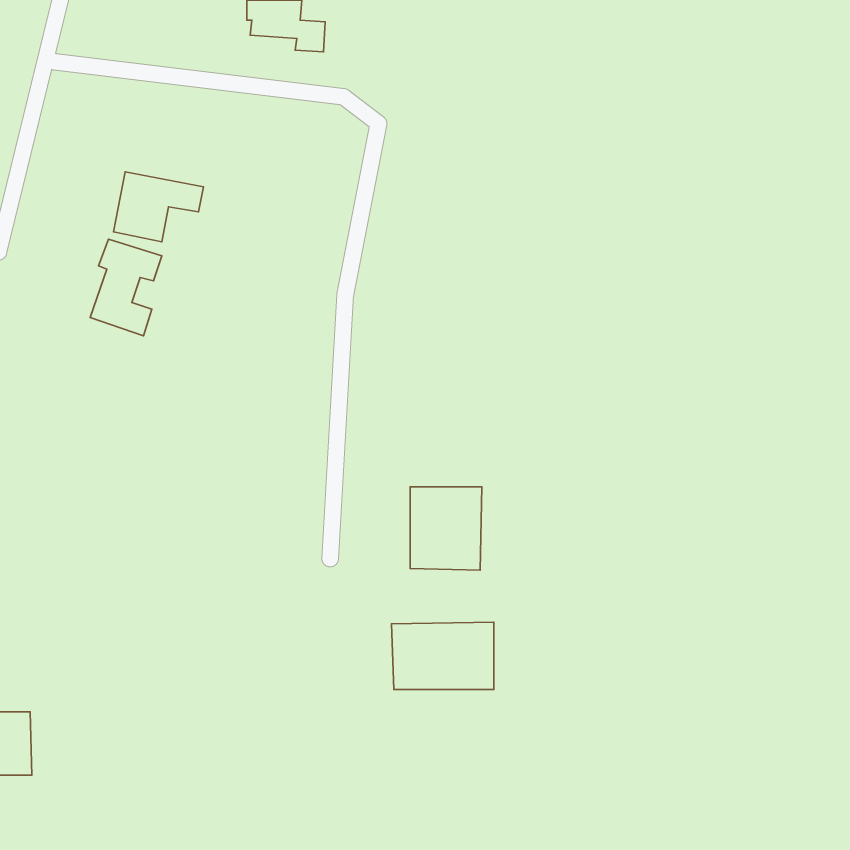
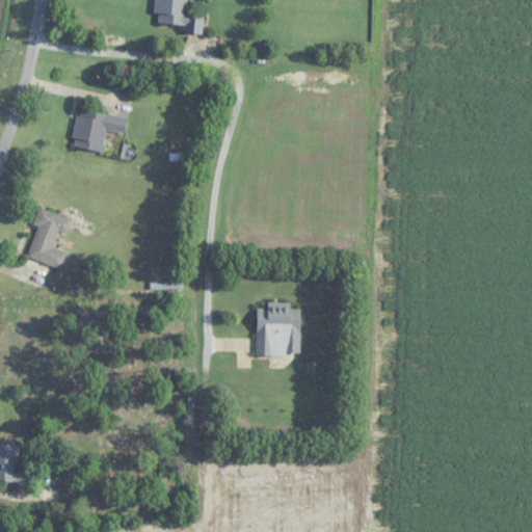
building: [90,239,162,336] -> [27,208,72,268]
building: [392,622,494,690] -> none

